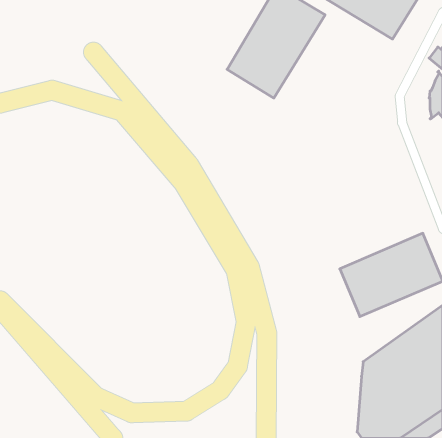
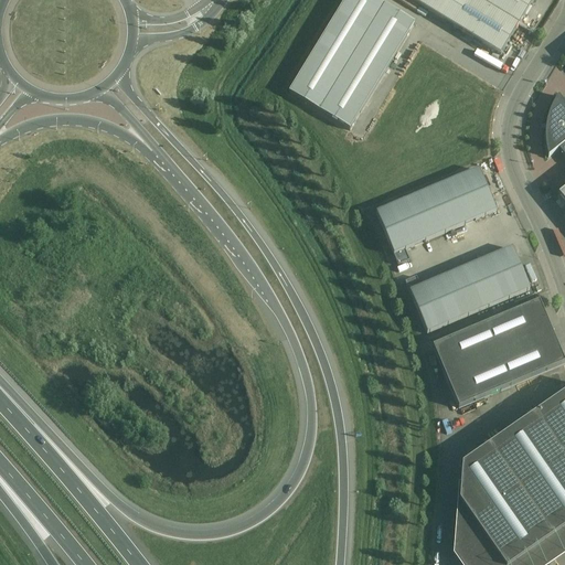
building: none -> [377,164,498,259]
building: none -> [406,244,531,329]

